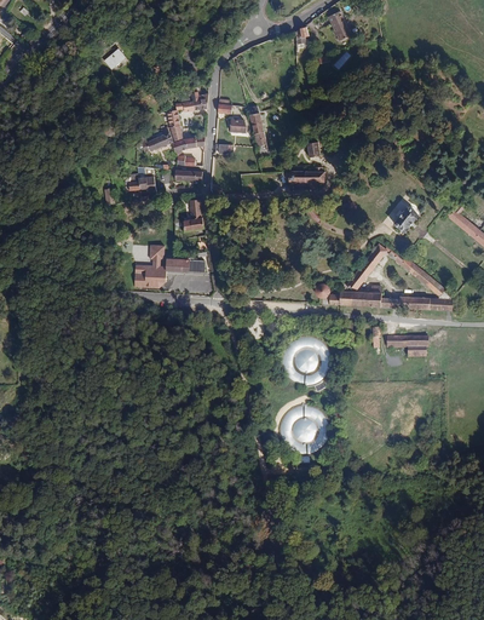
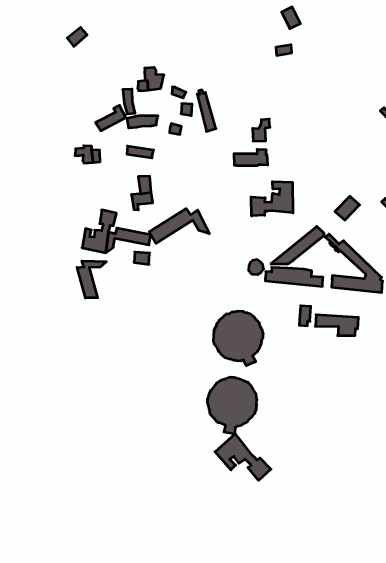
building: none -> [251,182,293,216]
building: none -> [149,209,209,243]
building: none -> [77,261,106,298]
building: none -> [215,434,271,480]

